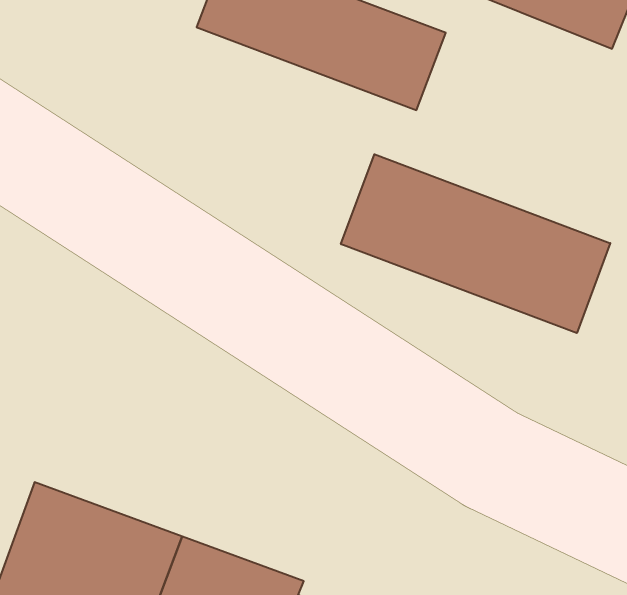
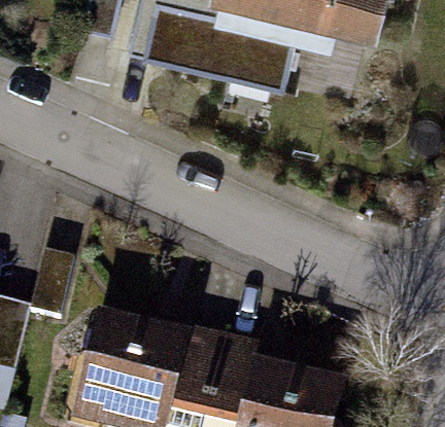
building: [341,154,610,333] -> none

